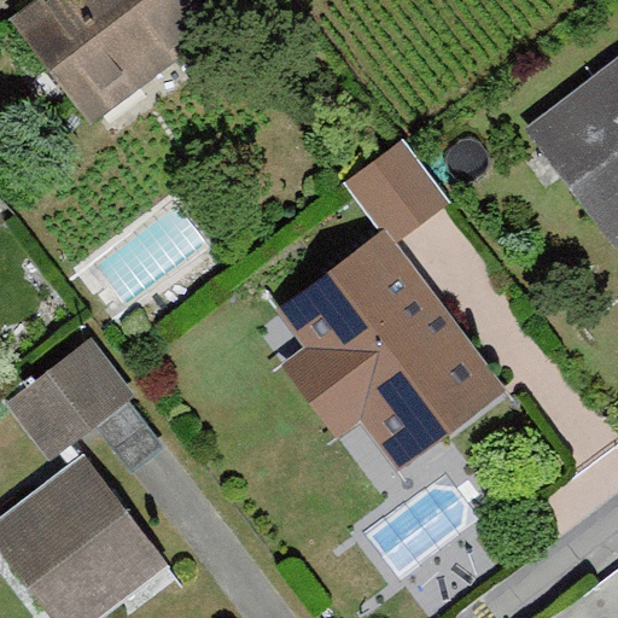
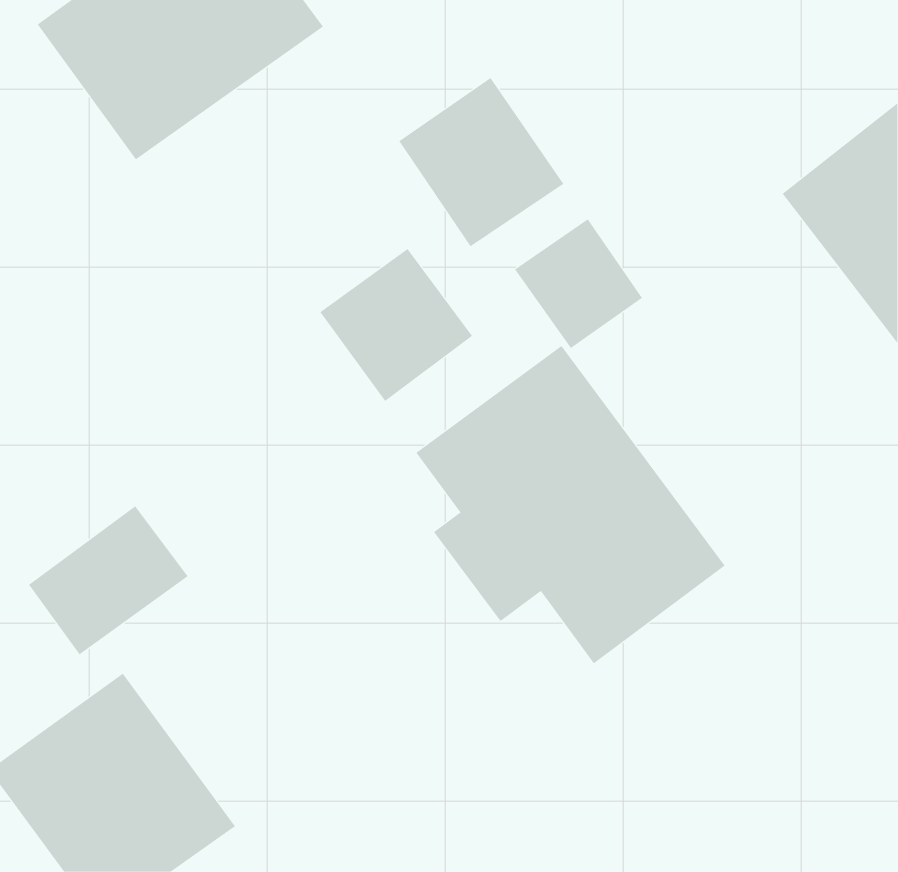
building: none -> [398,77,564,247]
building: none -> [320,248,473,402]

